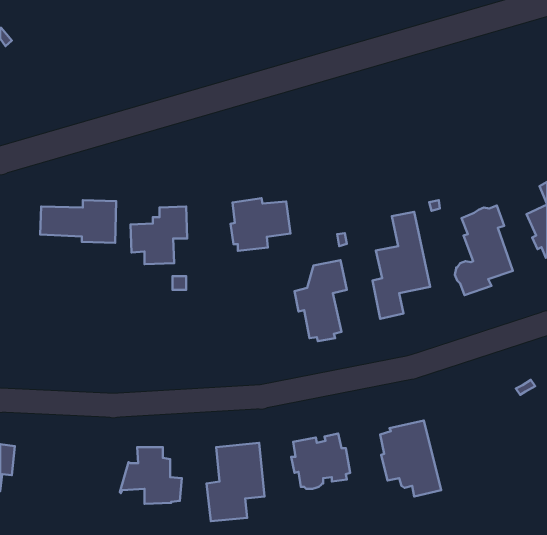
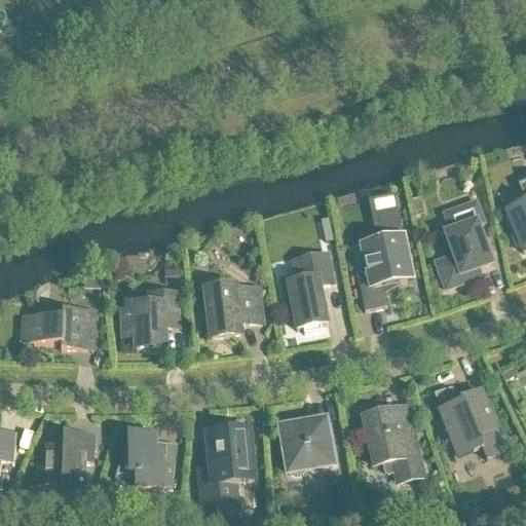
building: [230,198,290,251] -> [204,283,262,333]
building: [40,200,116,243] -> [22,305,95,346]
building: [130,206,187,264] -> [123,289,178,344]
building: none -> [435,382,505,455]
building: none -> [37,429,95,487]

